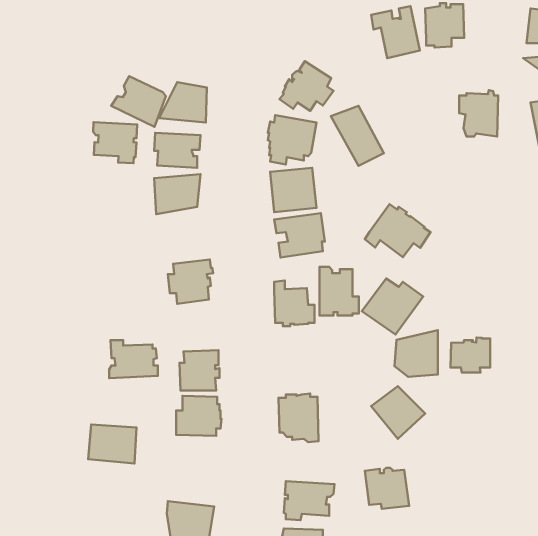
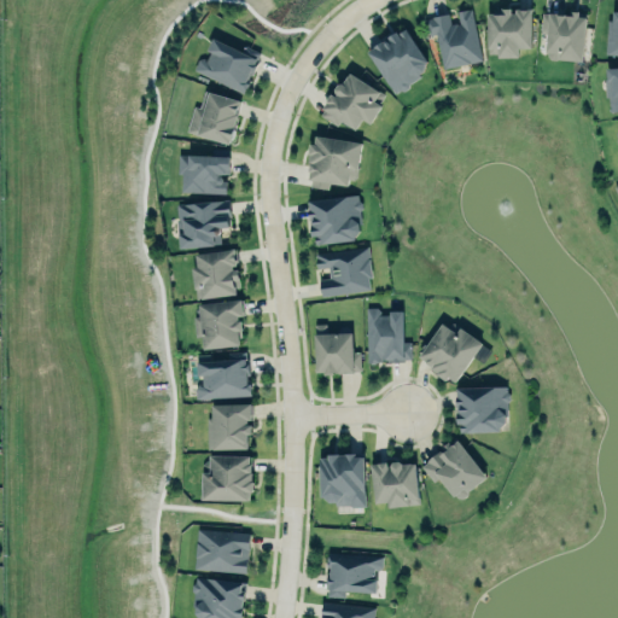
building: [111,76,166,127] -> [193,37,256,95]
building: [459,90,498,137] -> [541,8,585,62]
building: [331,106,384,166] -> [365,29,425,98]
building: [93,122,137,163] -> none
building: [365,204,431,257] -> none
building: none -> [192,250,240,301]
building: [451,337,490,372] -> none
building: [109,340,158,378] -> [196,356,251,400]
building: [88,424,137,463] -> [194,531,250,576]
building: [365,468,409,509] -> [371,462,421,509]

